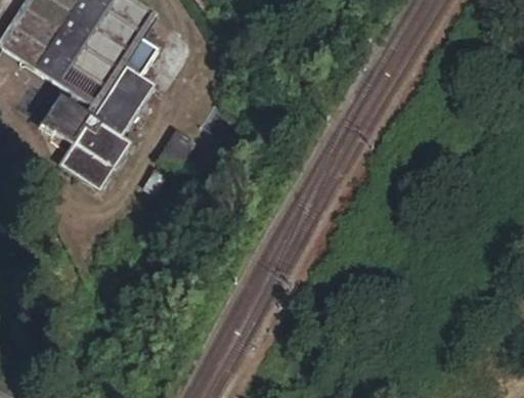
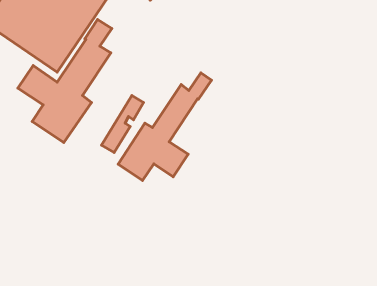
building: none -> [118,73,211,181]

